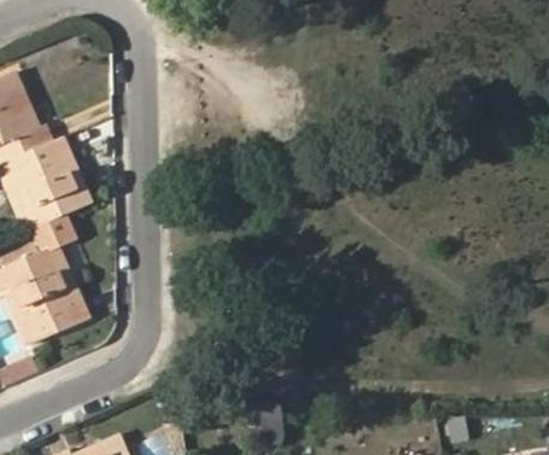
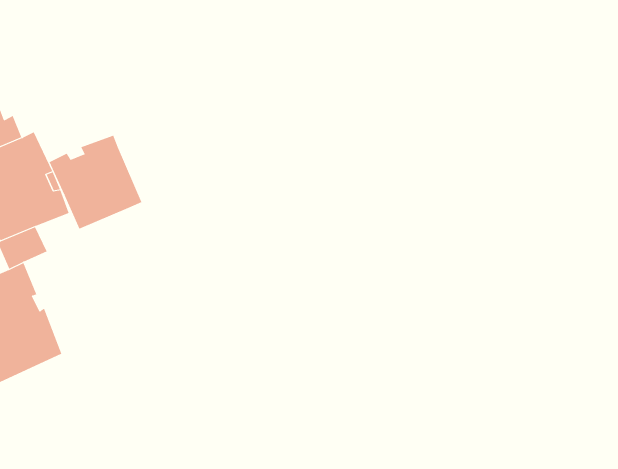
building: none -> [49,135,142,230]

